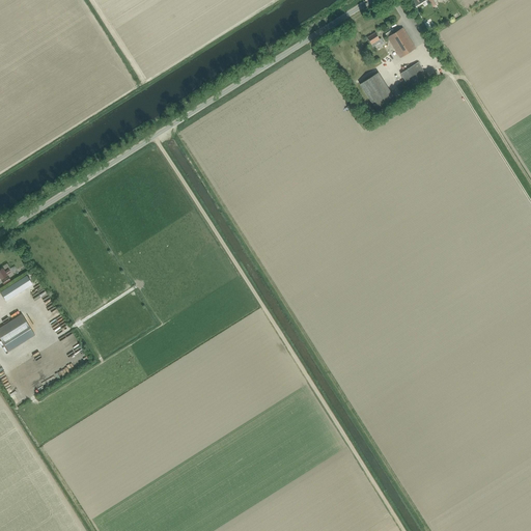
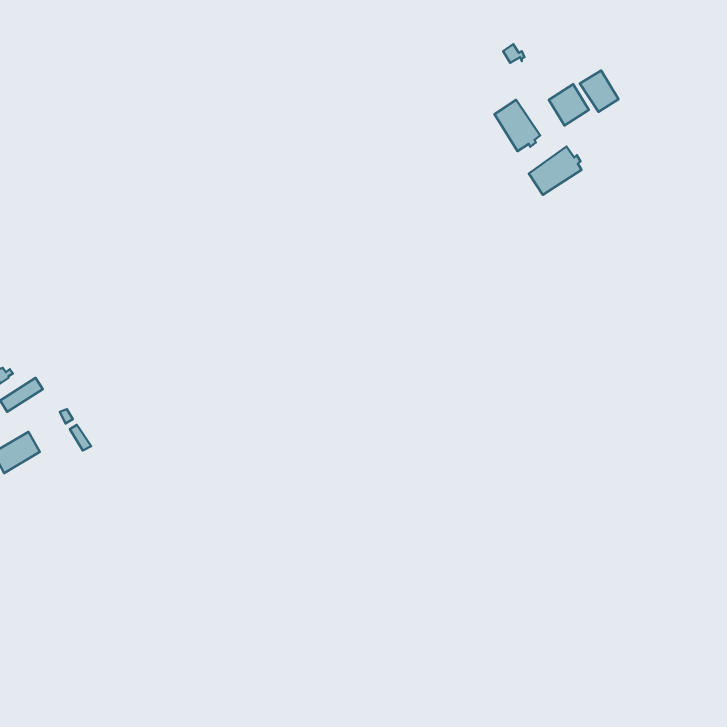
building: [386,27,414,57] -> [580,71,618,112]
building: none -> [529,146,581,195]

